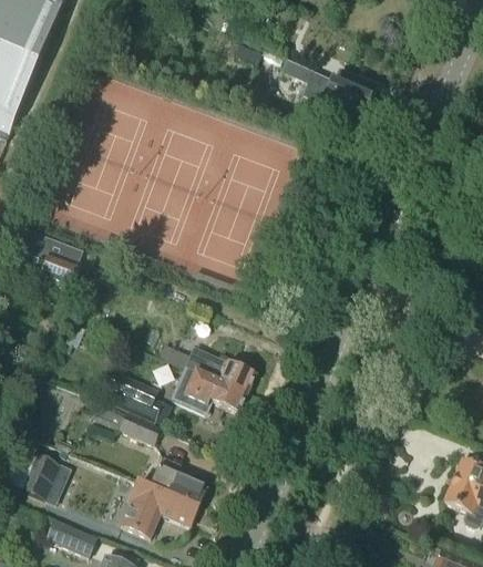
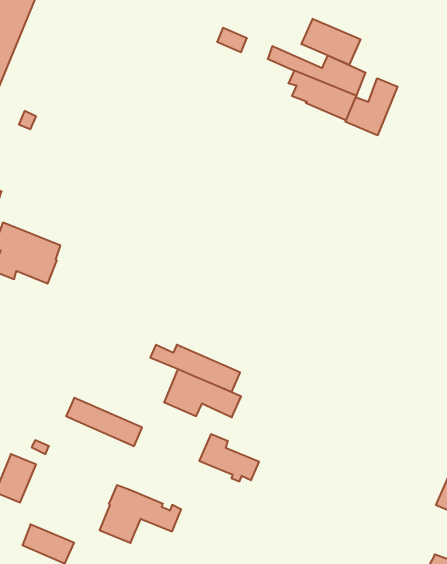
building: none -> [301,19,360,65]
building: none -> [346,78,397,135]
building: [101,375,163,420] -> none
building: [148,460,206,505] -> [199,434,259,481]

